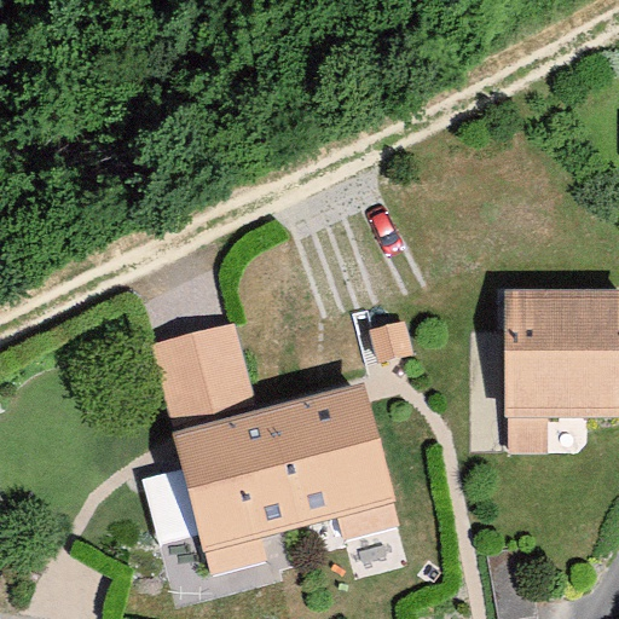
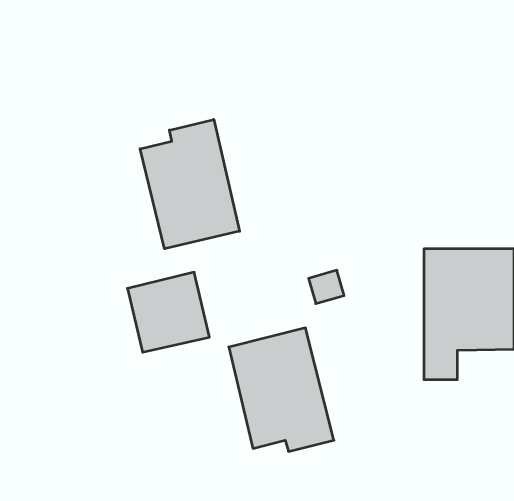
building: none -> [140,119,240,249]
building: [177,415,302,572] -> none

